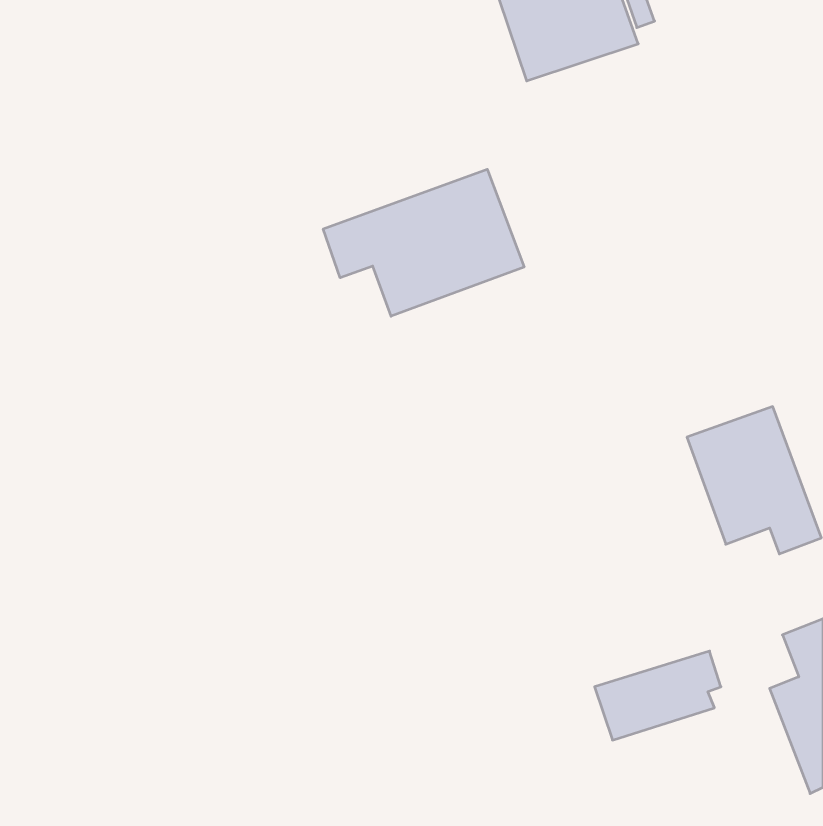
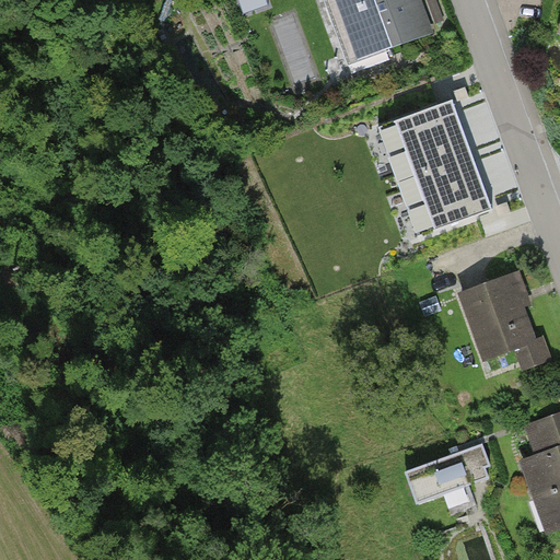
building: none -> [376,101,491,236]
building: [323,169,524,316] -> none

